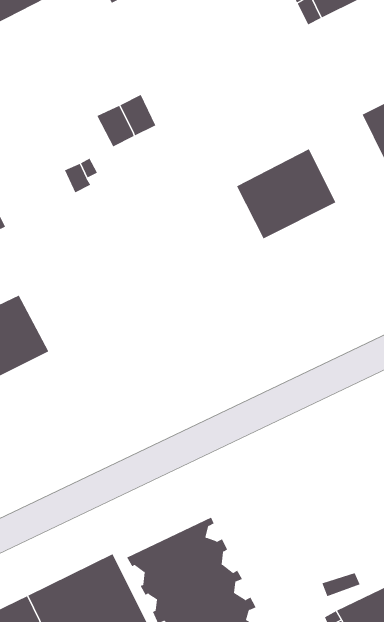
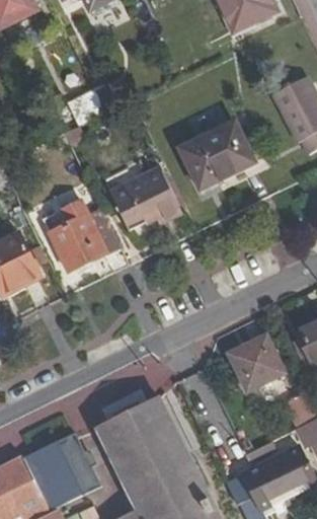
building: none -> [110,169,180,231]
building: none -> [48,200,118,272]
building: none -> [228,335,285,390]

